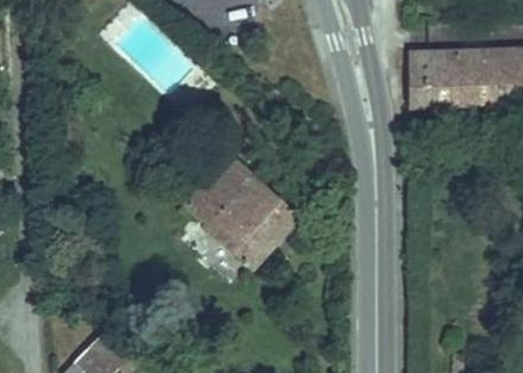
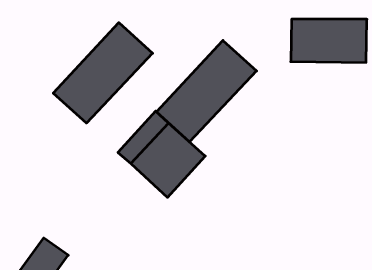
building: none -> [53,23,153,123]
building: none -> [156,40,257,142]

